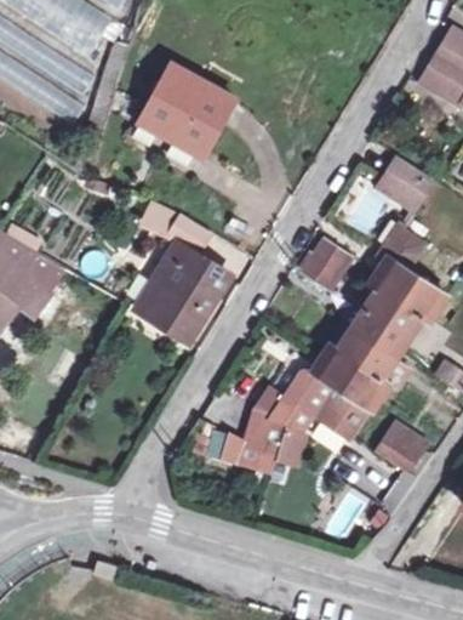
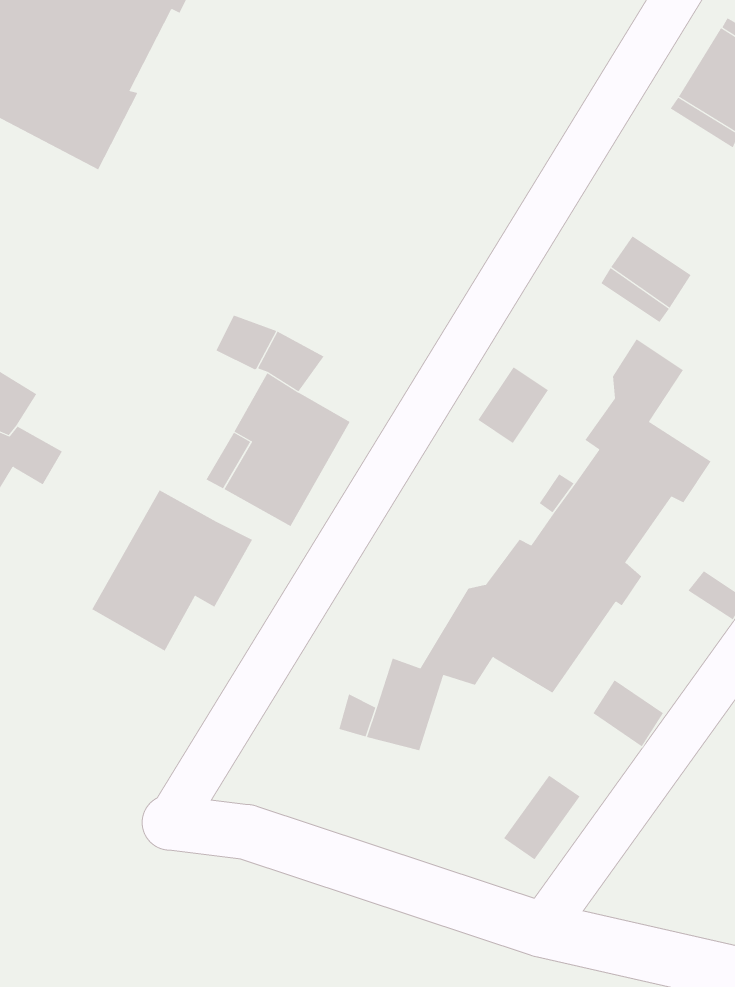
building: [138,62,235,155] -> none
building: none -> [92,490,253,652]

